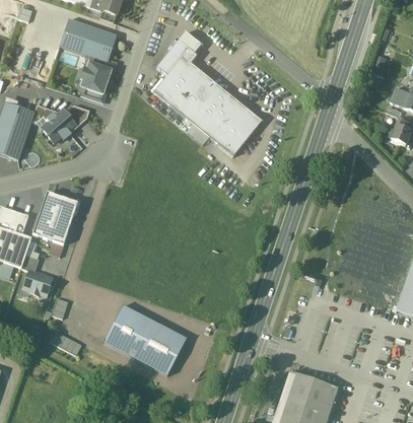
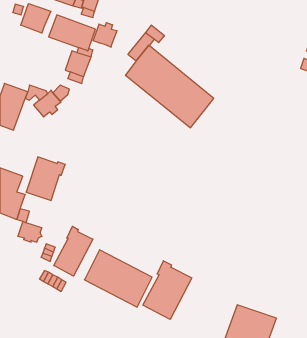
building: none -> [21,4,51,33]
building: none -> [93,23,117,47]
building: none -> [54,226,93,276]
building: none -> [143,261,192,319]

